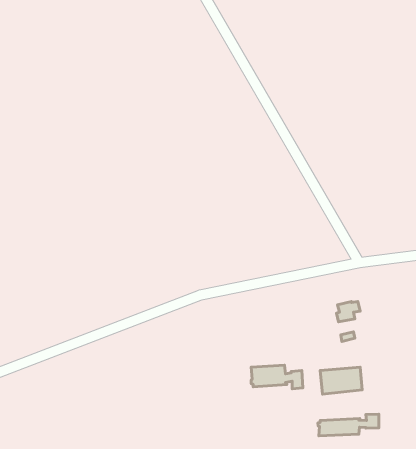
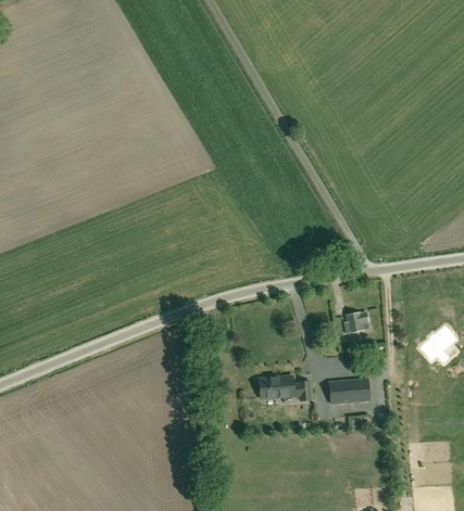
building: [318,414,379,436] -> none

